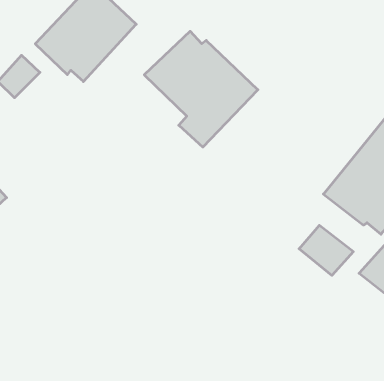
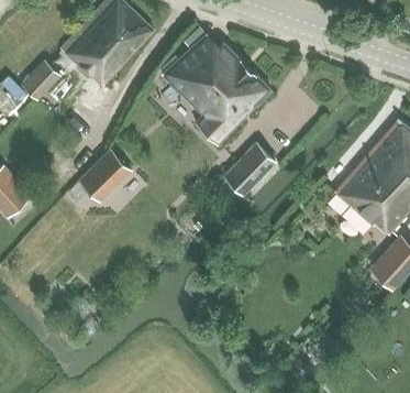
building: none -> [225,146,276,197]
building: none -> [80,153,132,204]
building: [299,225,353,275] -> none

